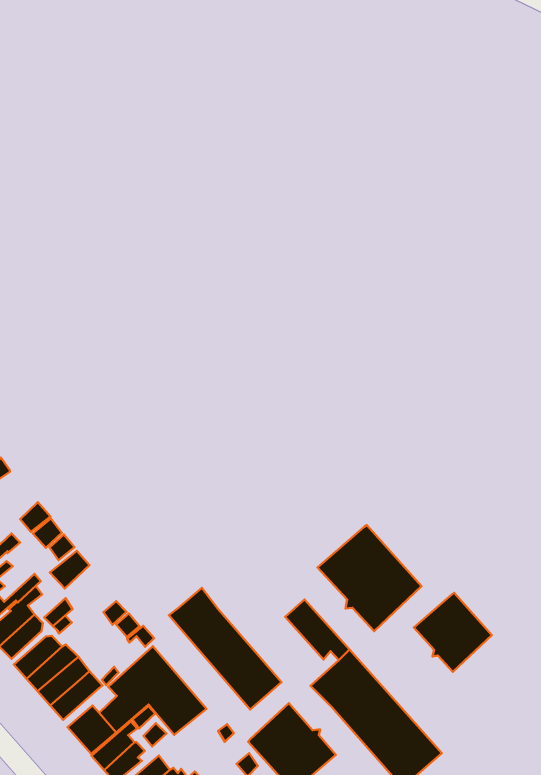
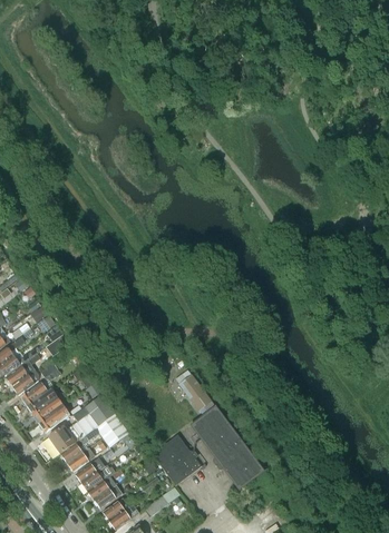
building: [318,525,422,631] -> none
building: [169,588,281,710] -> none
building: [414,593,492,672] -> none

